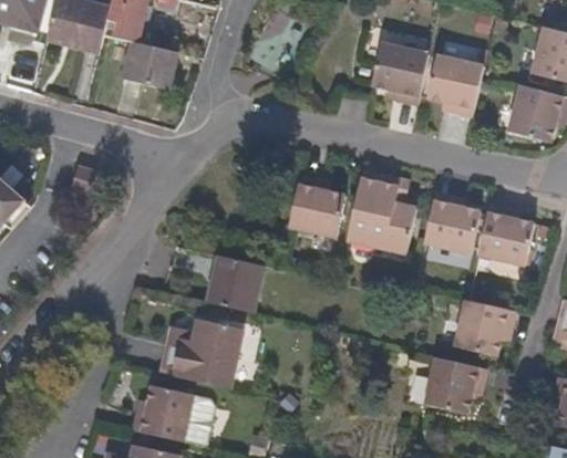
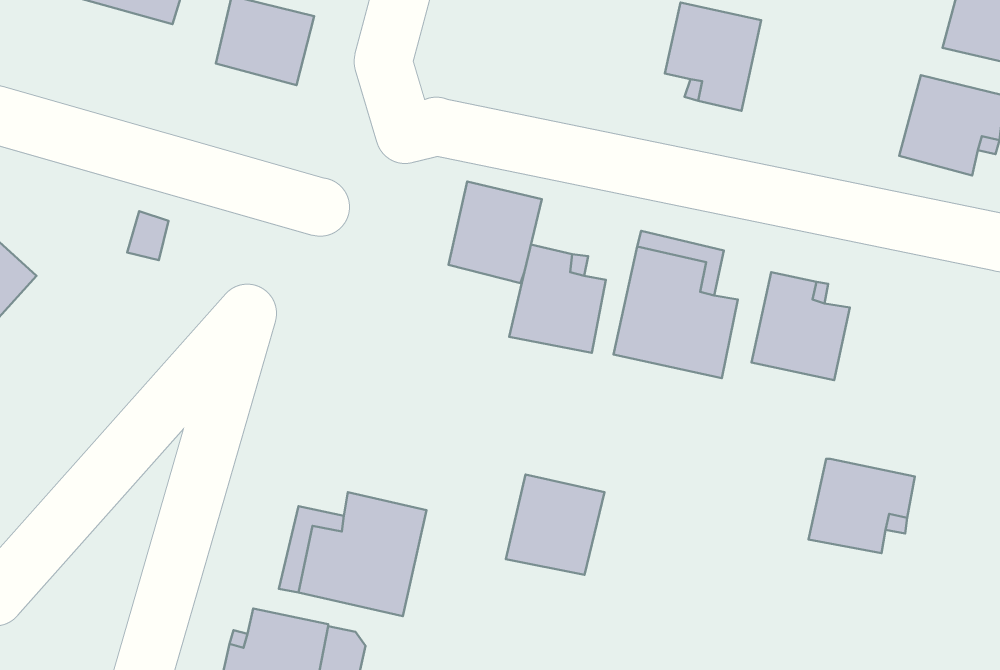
building: [431,54,485,115] -> none
building: none -> [449,182,542,283]
building: [478,207,535,269] -> none
building: [205,256,260,312] -> [506,474,604,575]
building: [421,356,482,412] -> none

